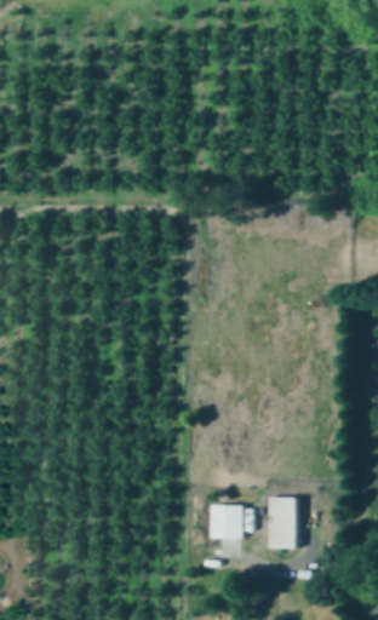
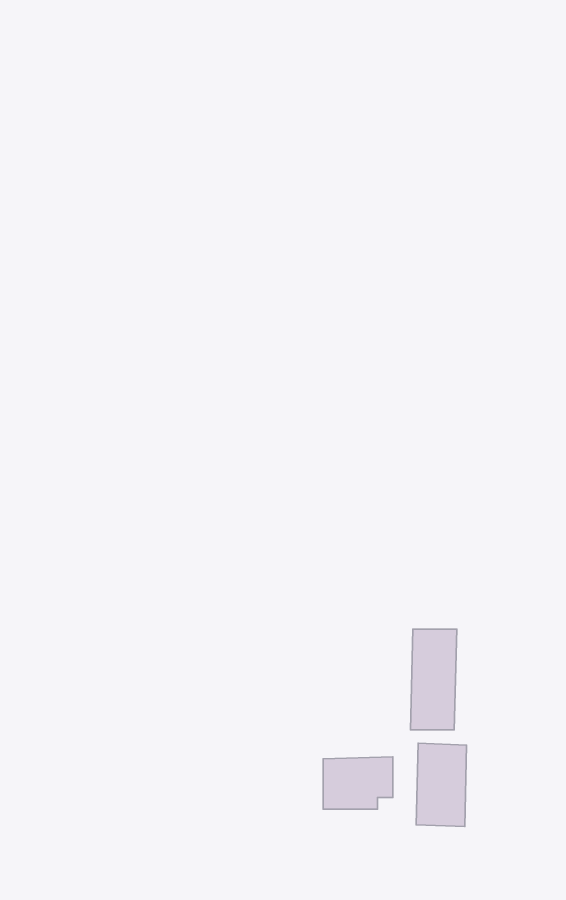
building: none -> [411,629,457,730]

